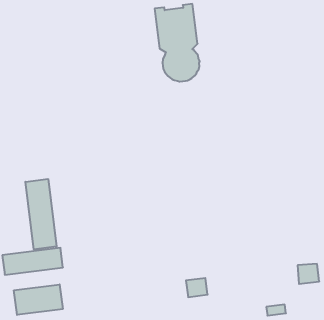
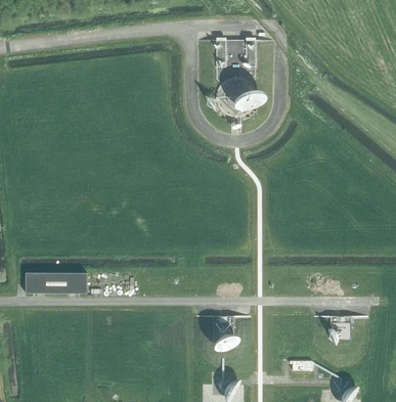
building: [25,179,57,250] -> none
building: [14,284,63,315] -> none

